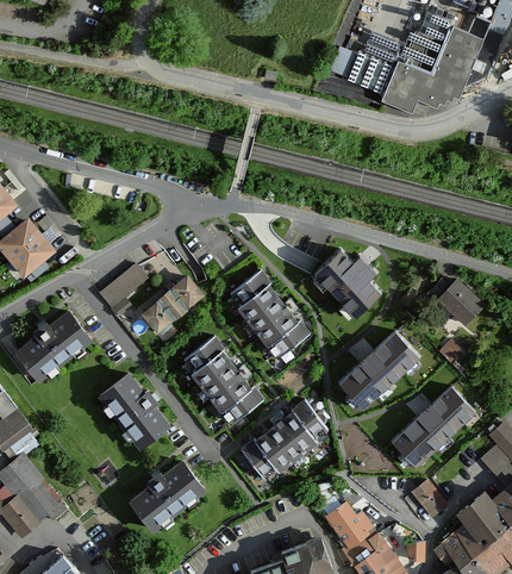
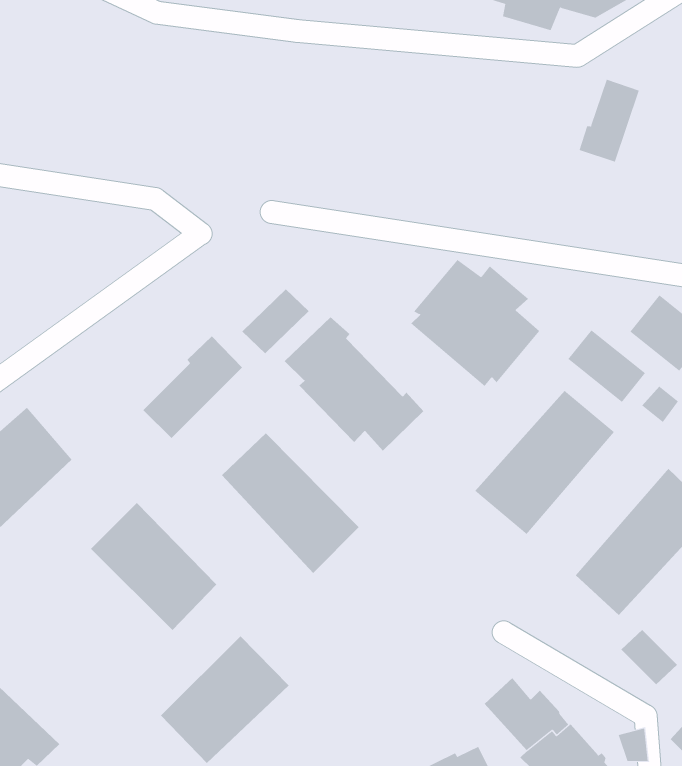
building: none -> [579,79,639,162]
building: none -> [242,289,310,354]
building: [99,264,148,317] -> none
building: none -> [568,329,646,403]
building: [241,399,327,481] -> none

